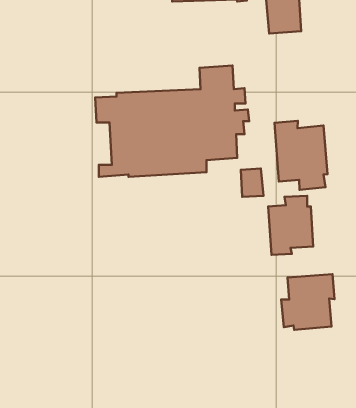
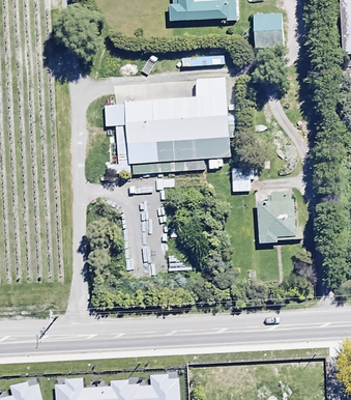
building: [274,121,328,190] -> none
building: [281,274,335,330] -> none

